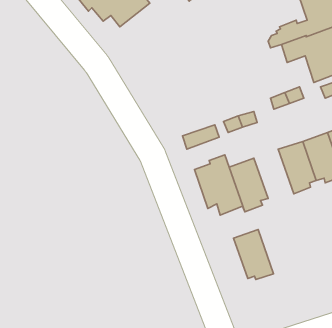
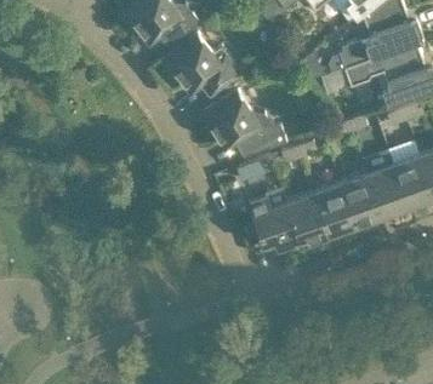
building: none -> [161,30,241,94]
building: none -> [198,87,285,153]
building: [233,229,274,280] -> [313,178,357,233]

